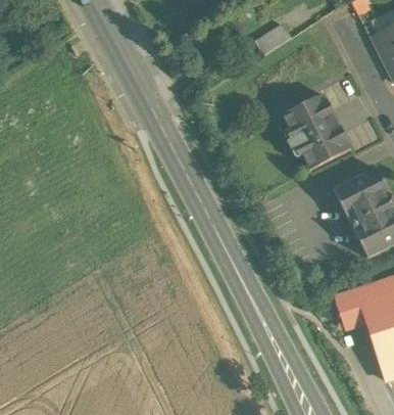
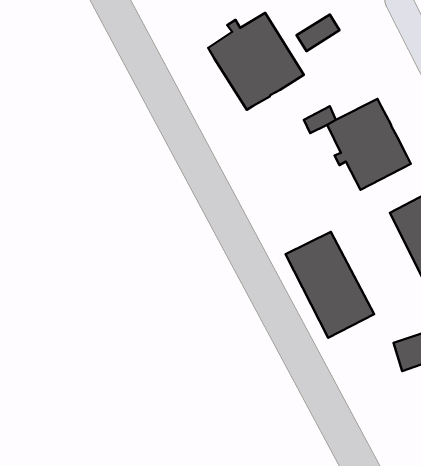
building: none -> [208,13,304,110]
building: none -> [286,232,374,338]

